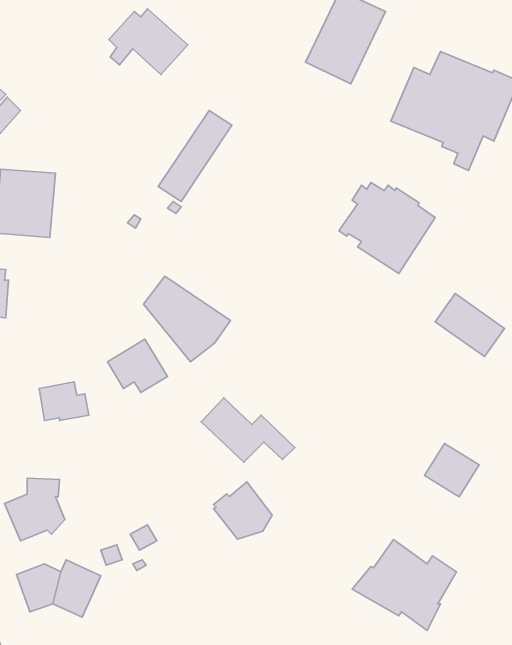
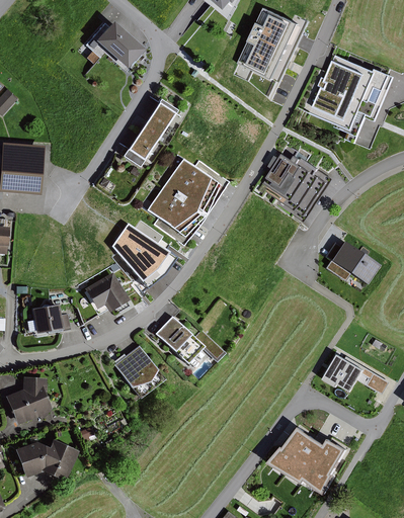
building: none -> [146,158,221,237]
building: [213,482,272,539] -> [113,344,158,387]

